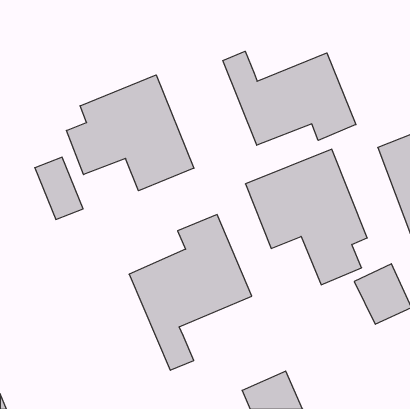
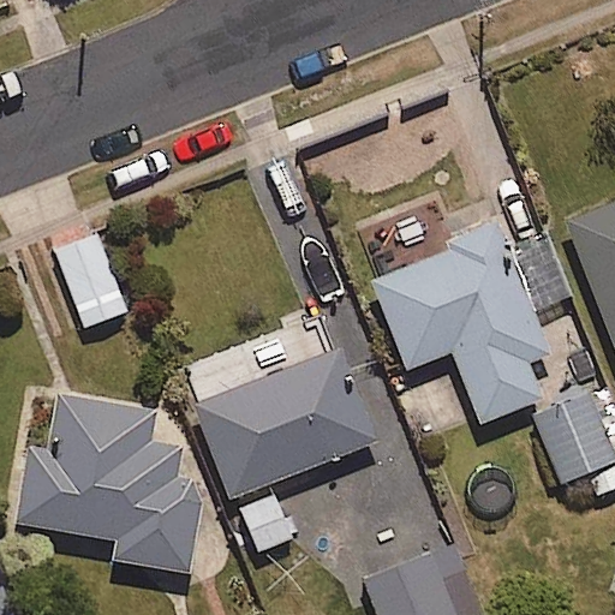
building: [223,51,356,145] -> none
building: [66,75,194,191] -> none
building: none -> [16,399,202,573]

